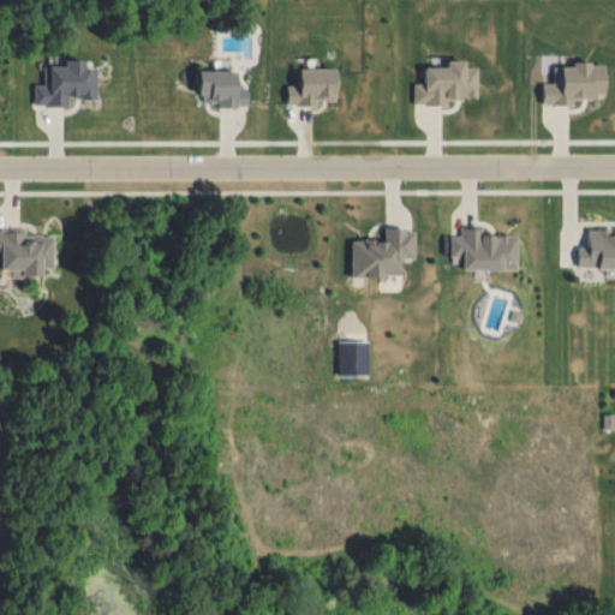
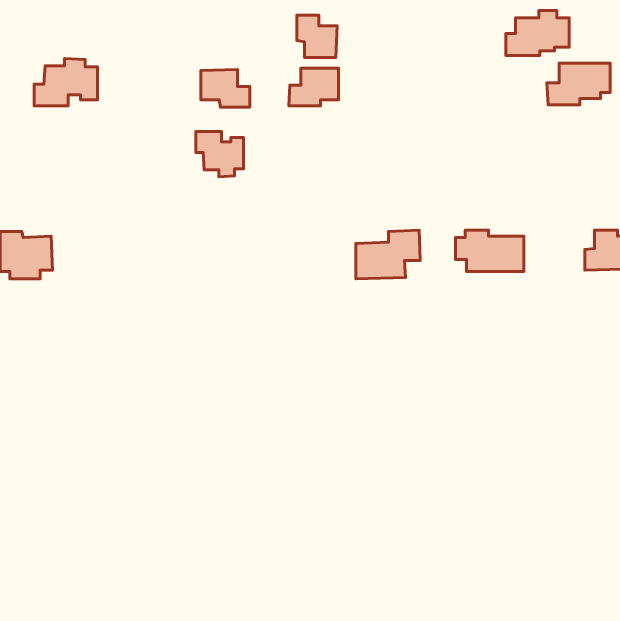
building: none -> [297,15,337,58]
building: [414,60,477,105] -> [506,11,569,56]
building: none -> [196,132,244,177]
building: [340,341,371,376] -> none

